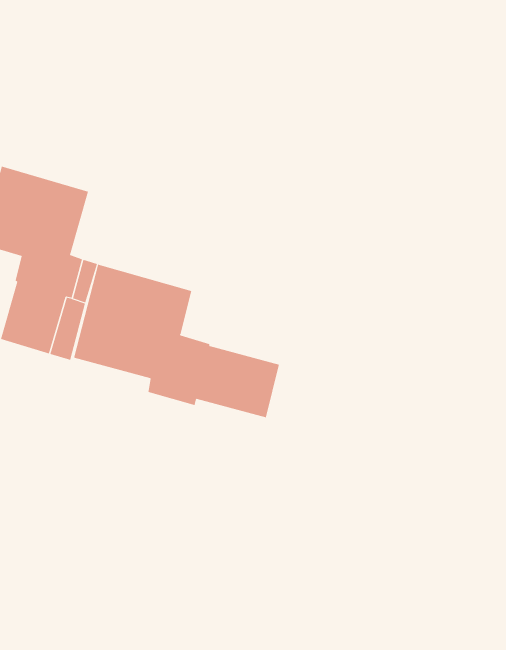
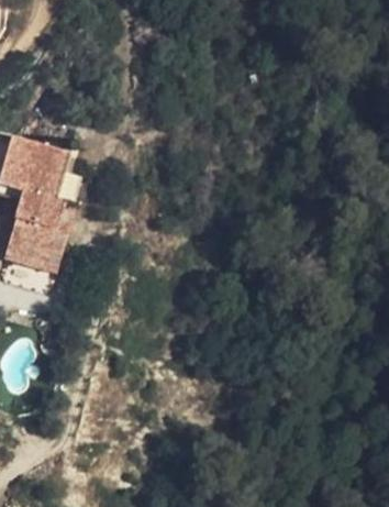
building: [73,264,279,418] -> none

